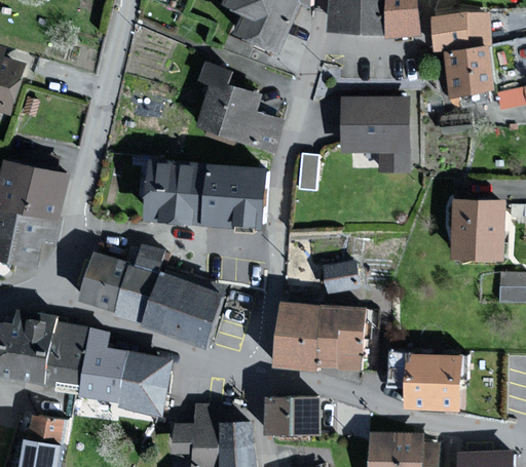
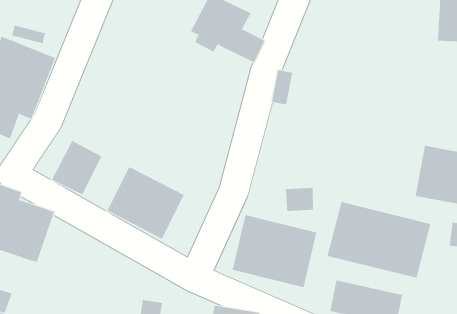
building: [344,101,404,169] -> none
building: [149,163,264,222] -> none
building: [116,247,161,321] -> none
building: none -> [327,201,431,279]
building: [81,330,167,412] -> none

